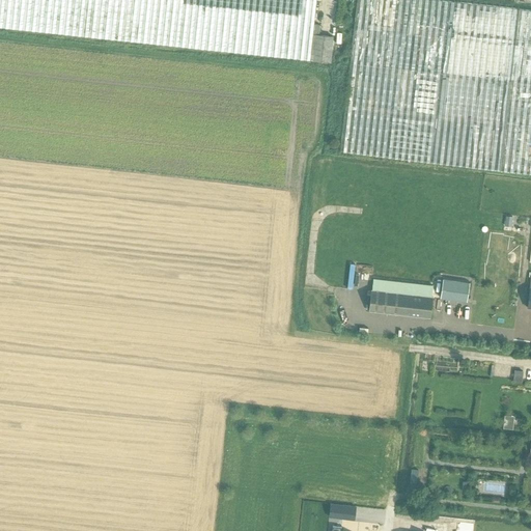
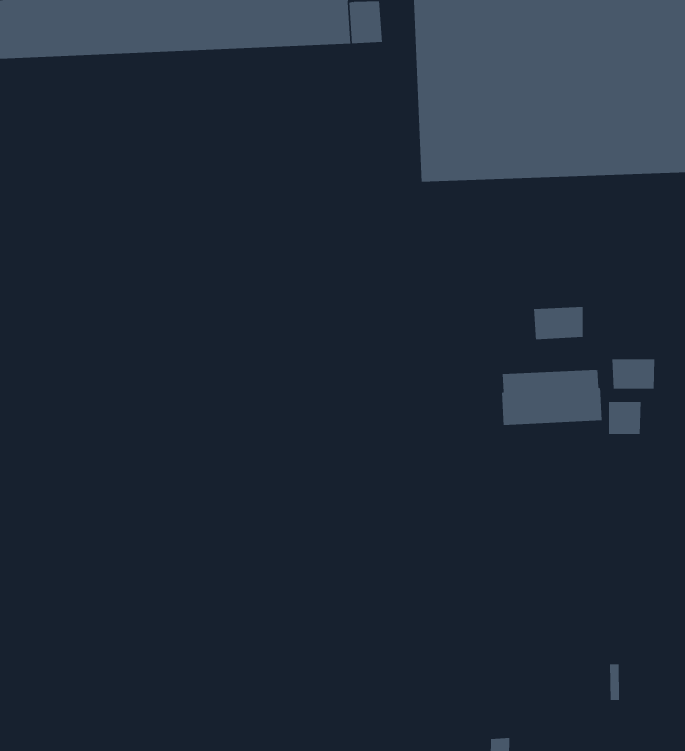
building: none -> [533,306,583,340]
building: none -> [608,401,641,435]

